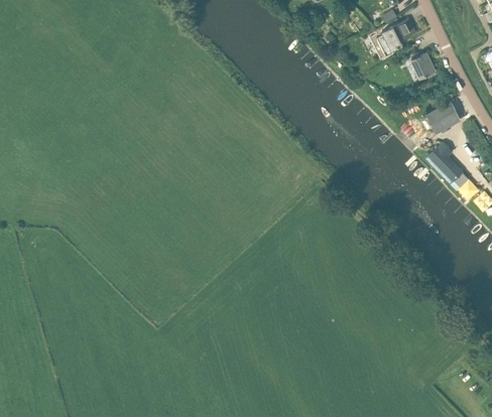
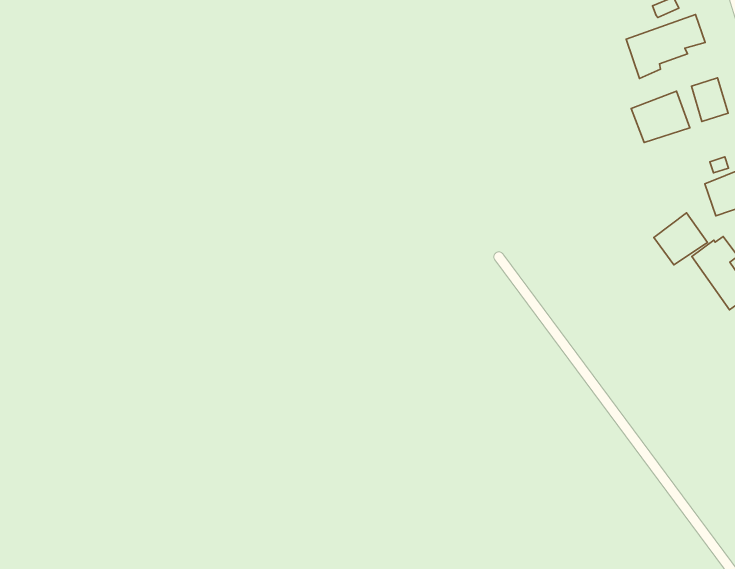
building: none -> [631,91,690,143]
building: none -> [654,213,708,265]

